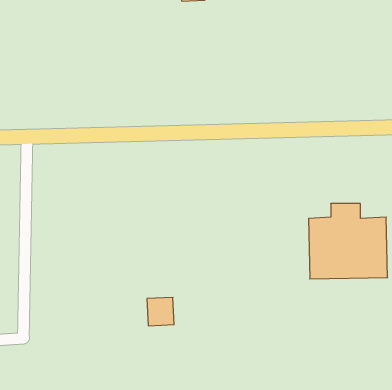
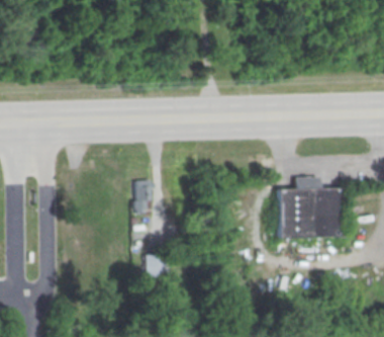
building: none -> [133,179,152,208]

